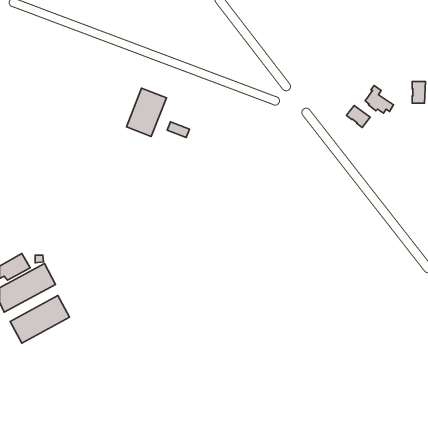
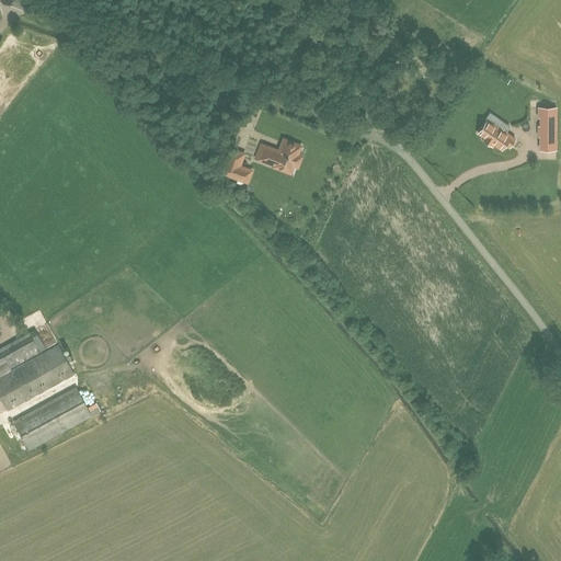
building: [126,88,166,137] -> none
building: [346,106,370,128] -> none
building: none -> [255,138,300,172]

